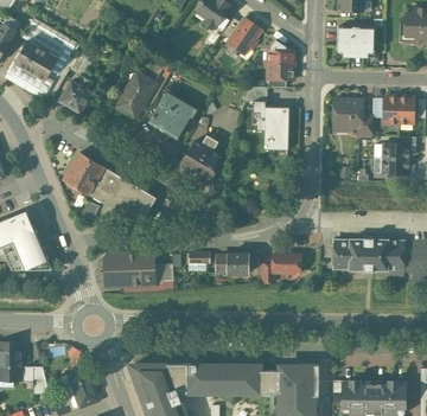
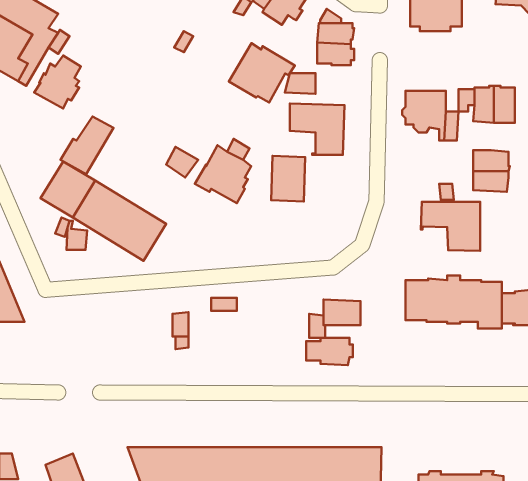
building: [116,75,155,117] -> [60,117,113,174]
building: [148,94,197,137] -> [229,43,295,102]
building: none -> [271,156,305,201]
building: none -> [421,202,480,251]
building: [106,252,155,287] -> none
building: [217,254,251,274] -> [306,338,353,365]

